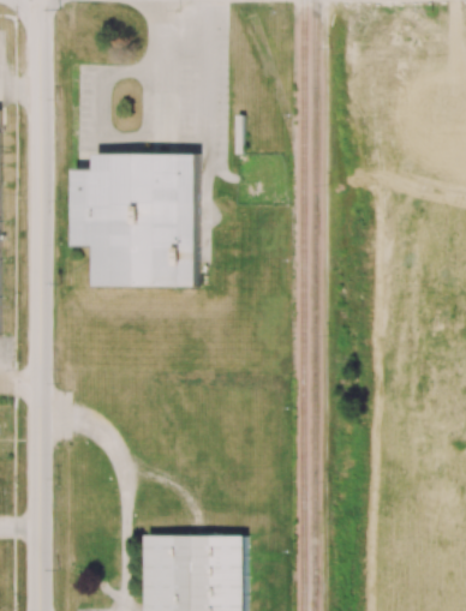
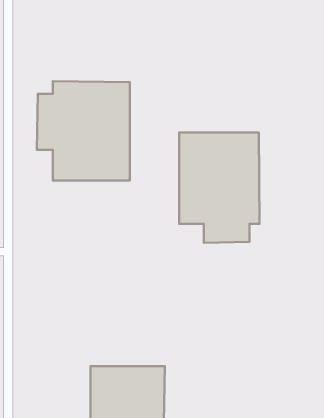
building: none -> [179,133,260,243]

